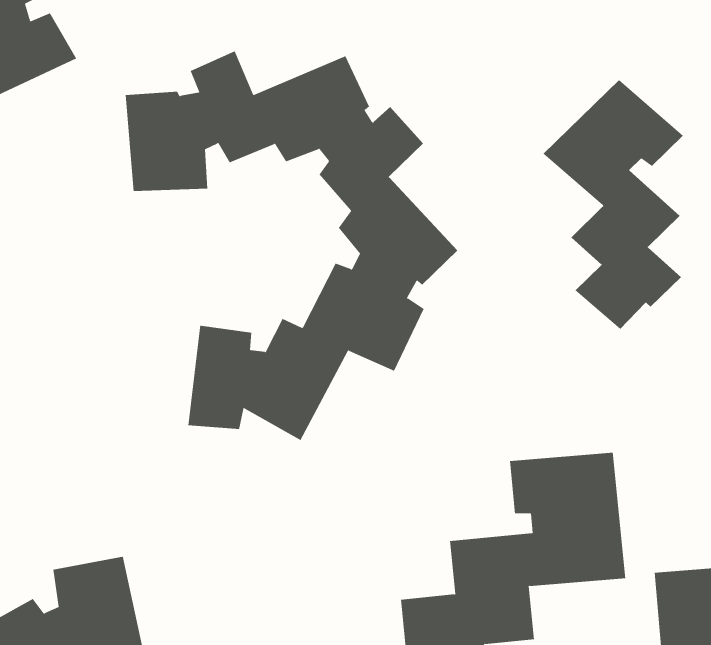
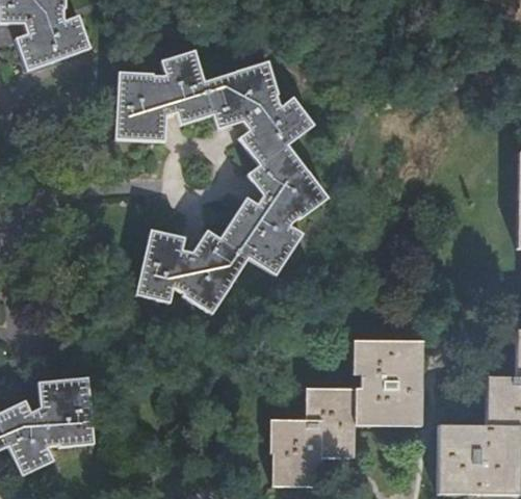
building: [542,79,684,330] -> none

